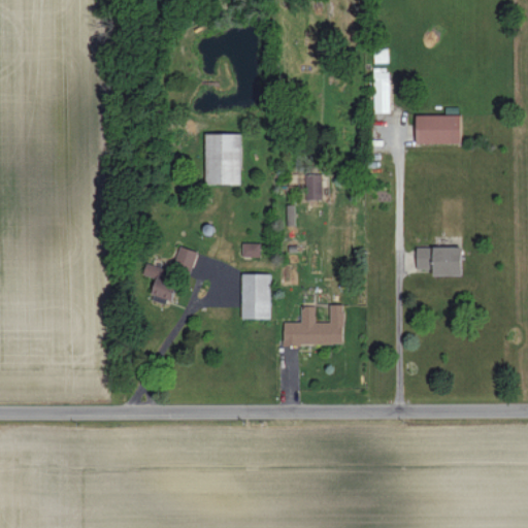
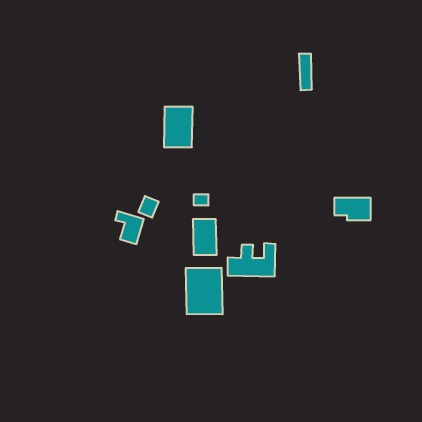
building: [416,116,461,144] -> none
building: [305,174,321,200] -> none
building: none -> [186,268,223,314]

